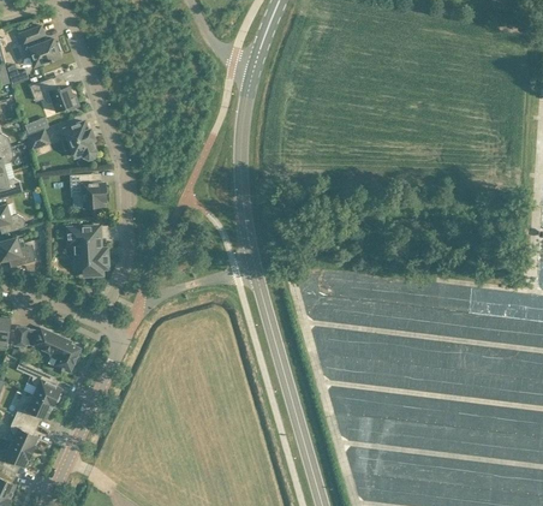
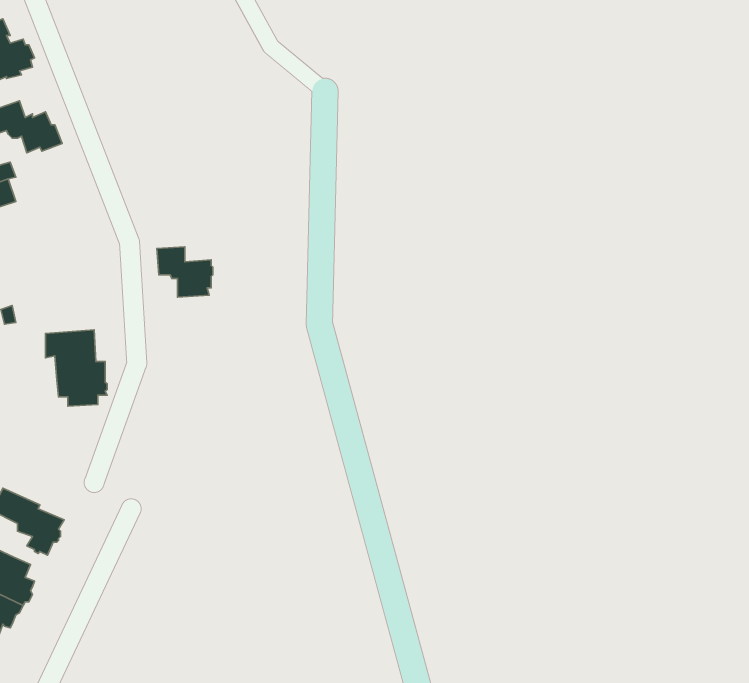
building: [65,121,96,159] -> none
building: [71,174,107,207] -> [157,247,213,297]

